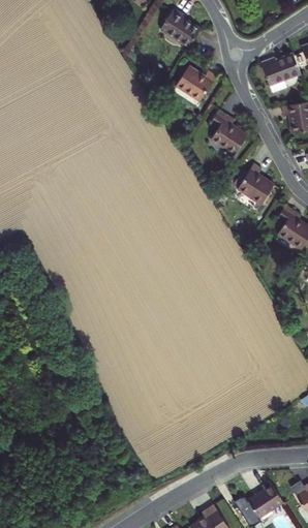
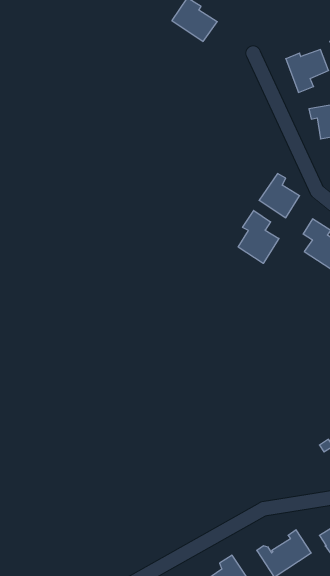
building: [176,66,215,100] -> none
building: [210,110,246,154] -> none
building: none -> [238,210,279,263]

